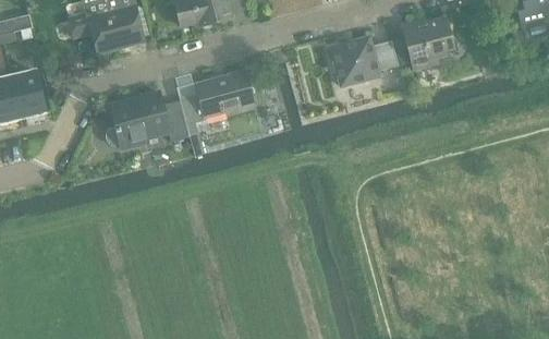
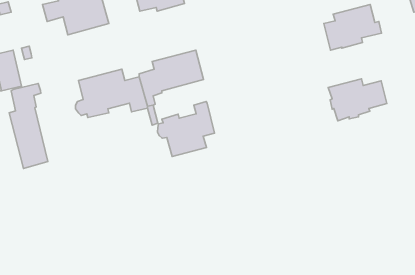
building: [330,38,398,86] -> [328,79,387,121]
building: none -> [9,84,48,169]
building: none -> [158,102,215,156]

